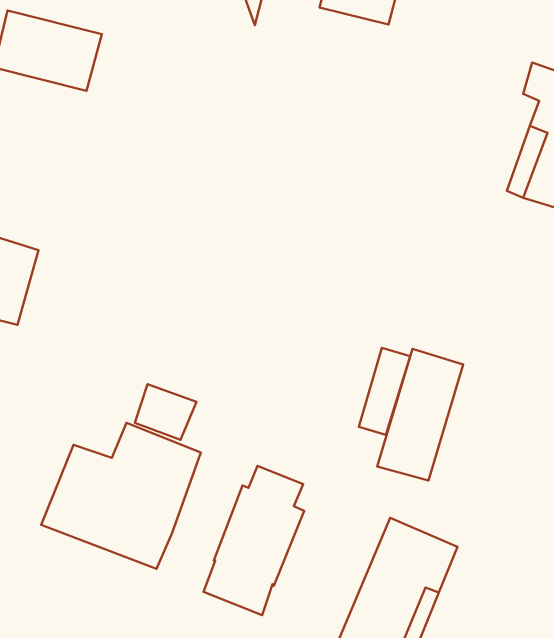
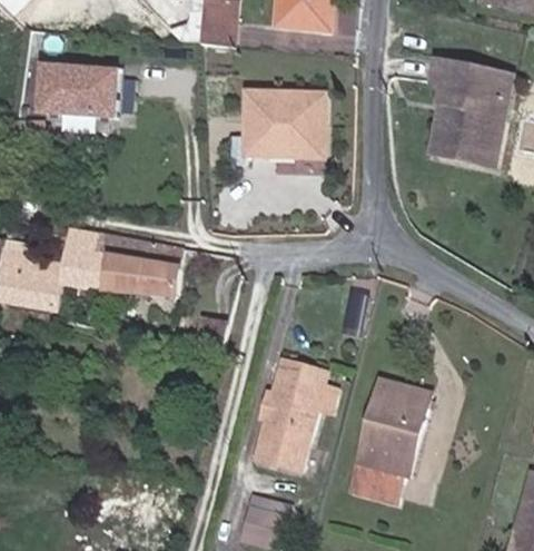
building: none -> [250,101,329,166]
building: none -> [89,232,180,298]
building: [377,349,463,480] -> none
building: [41,423,201,569] -> none

